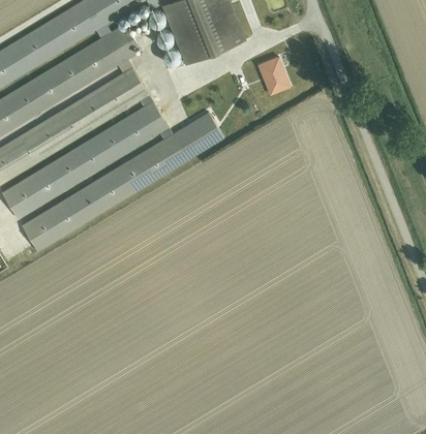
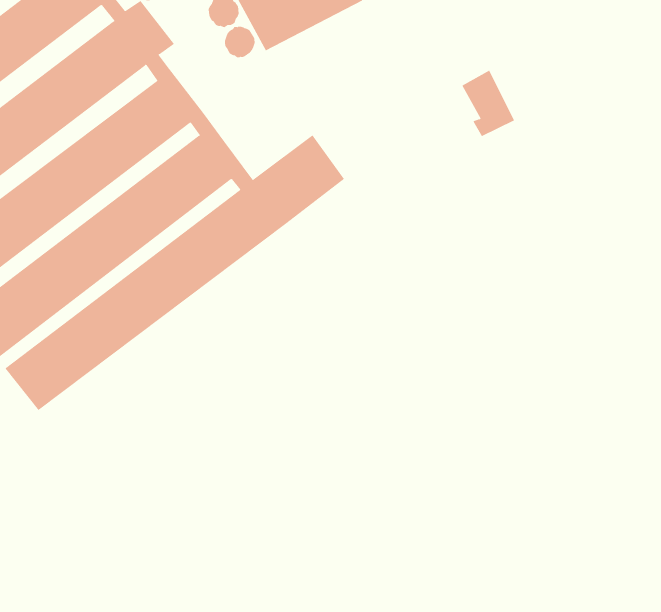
building: [261,57,288,94] -> [462,70,515,137]

